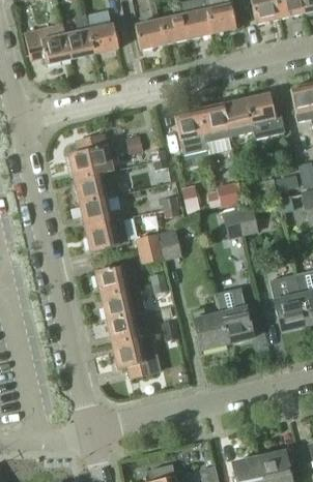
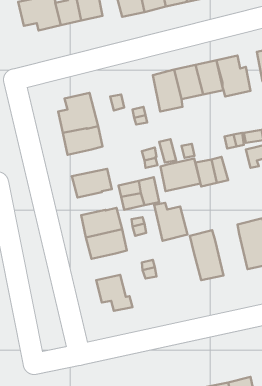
building: [80,197,124,227] -> none
building: none -> [160,158,200,191]
building: [192,307,229,350] -> [154,203,188,241]
building: [107,312,139,342] -> none

